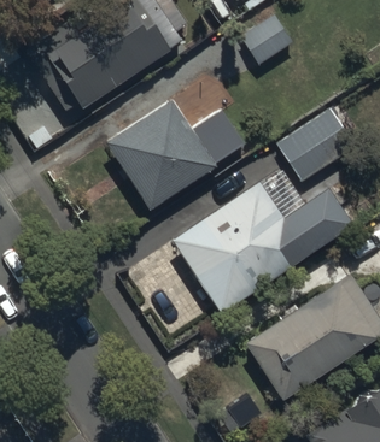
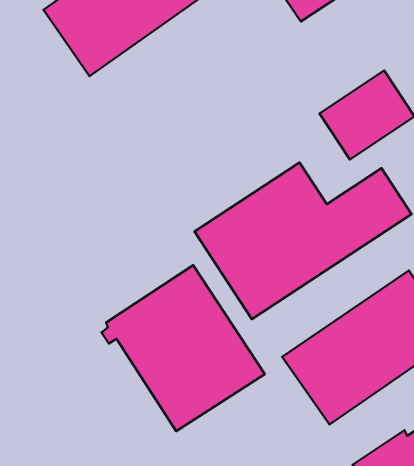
building: [105,100,245,210] -> none
building: none -> [101,265,265,431]

